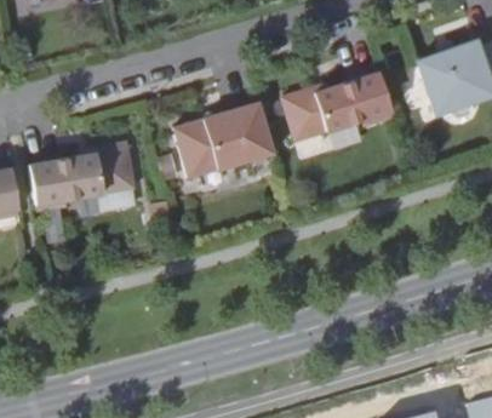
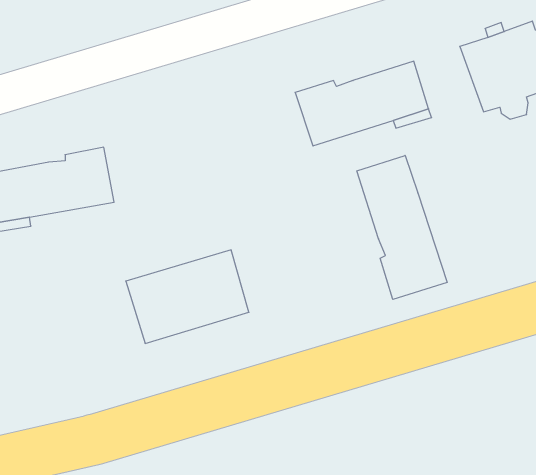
building: [173,102,274,178] -> [126,250,249,343]
building: none -> [357,155,447,299]

